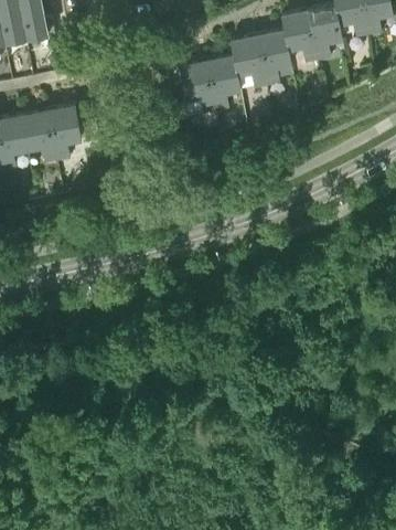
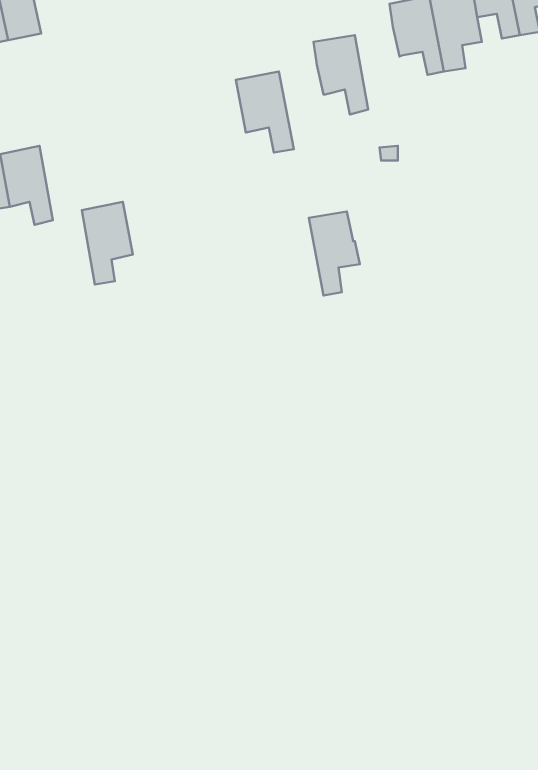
building: [258,30,292,85] -> none
building: [207,55,242,112] -> [309,211,360,296]
building: [47,104,82,159] -> [82,202,133,284]

